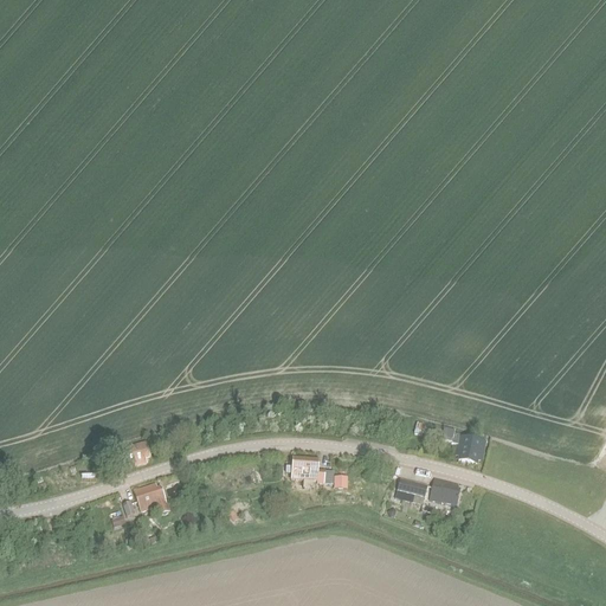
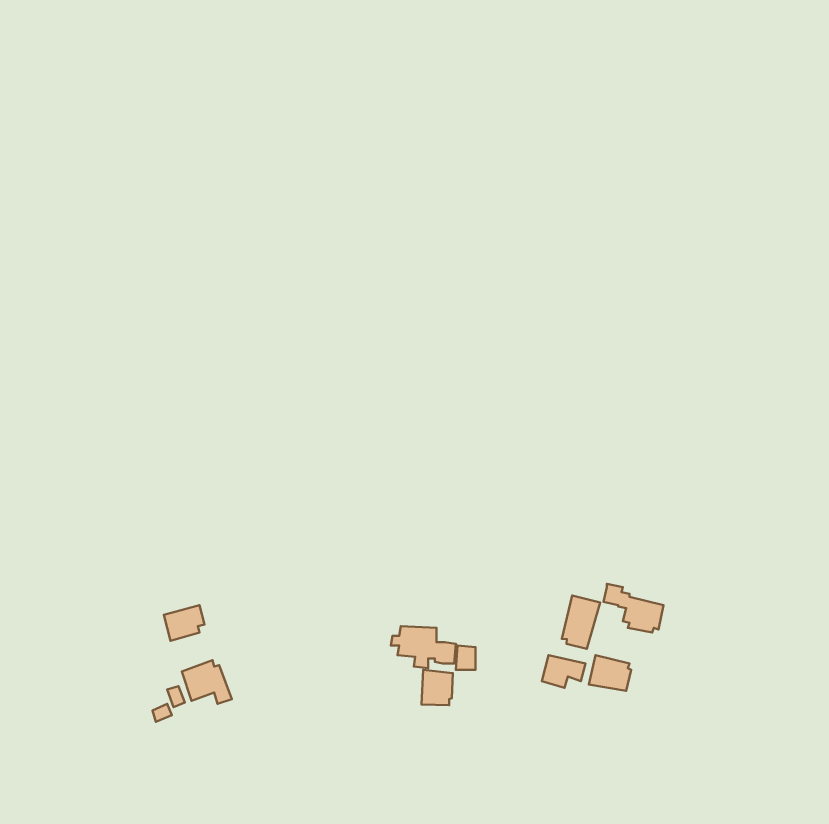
building: none -> [562,596,600,649]
building: none -> [421,670,453,705]

